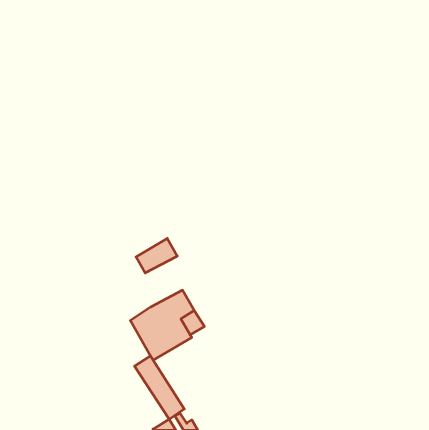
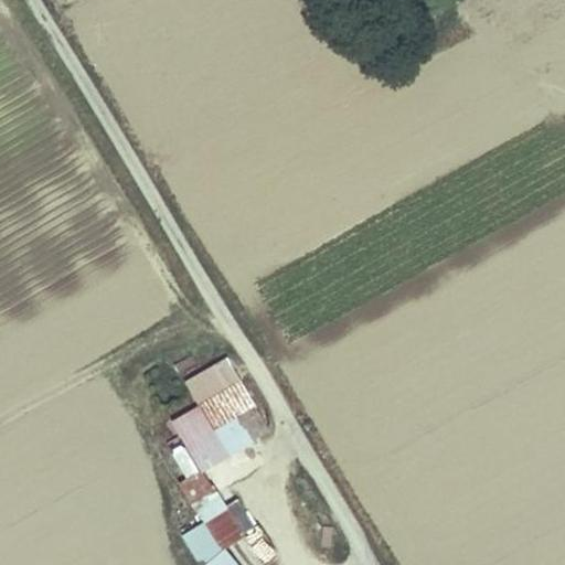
building: [136,238,177,273] -> [185,358,239,403]

